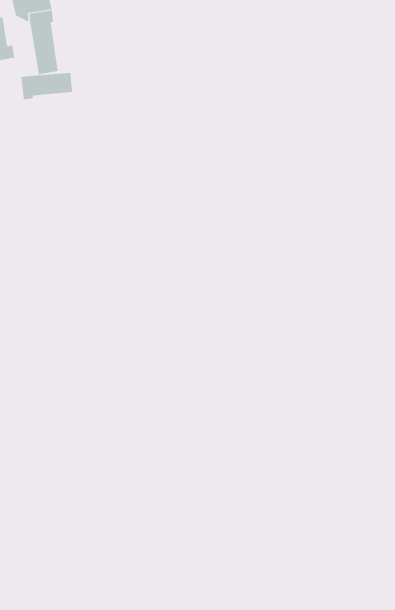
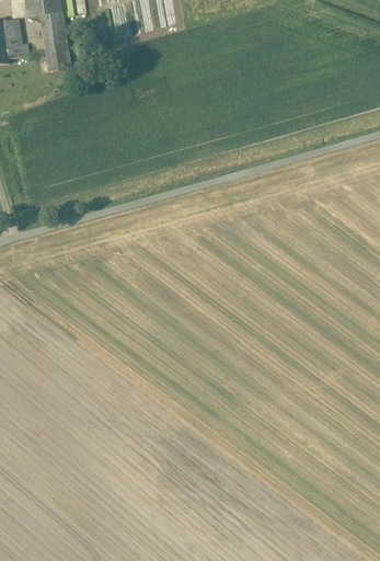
building: [21,72,73,100] -> none

